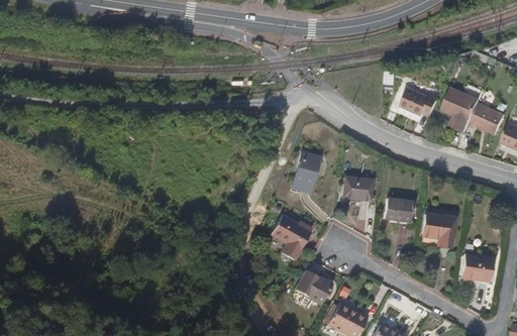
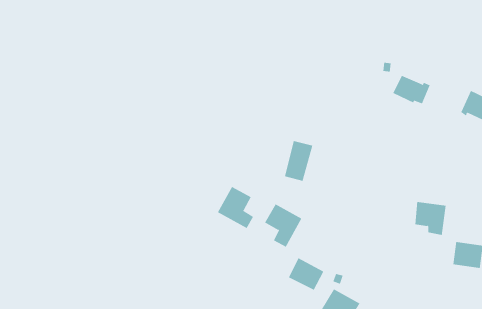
building: [442,86,481,131] -> none
building: [343,177,373,201] -> none
building: none -> [217,186,254,229]
building: [384,199,413,222] -> none

